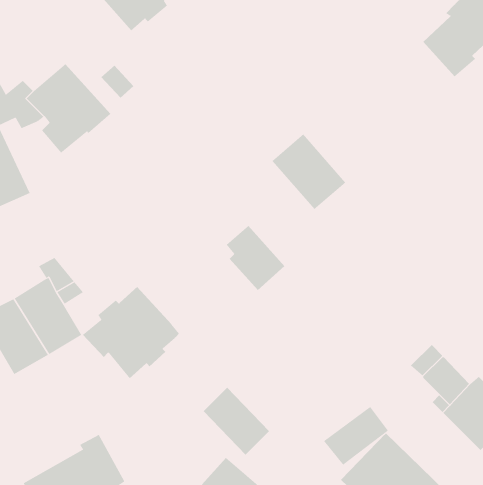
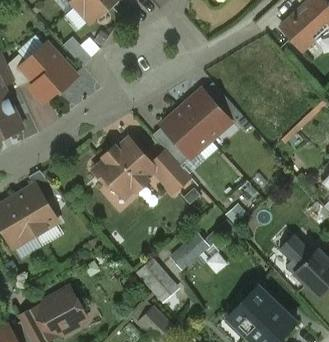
building: none -> [160,108,209,158]
building: [82,286,180,379] -> [92,138,156,199]
building: [323,406,389,466] -> [168,231,211,270]

